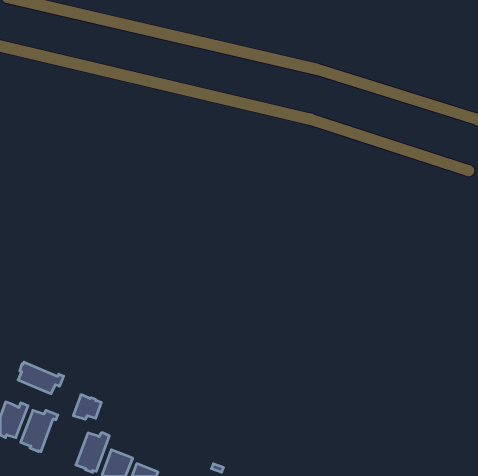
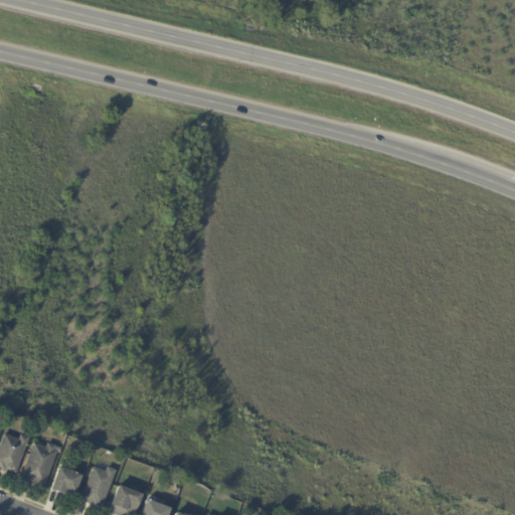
building: [18,362,64,394] -> none
building: [73,395,101,419] -> [51,466,81,492]

